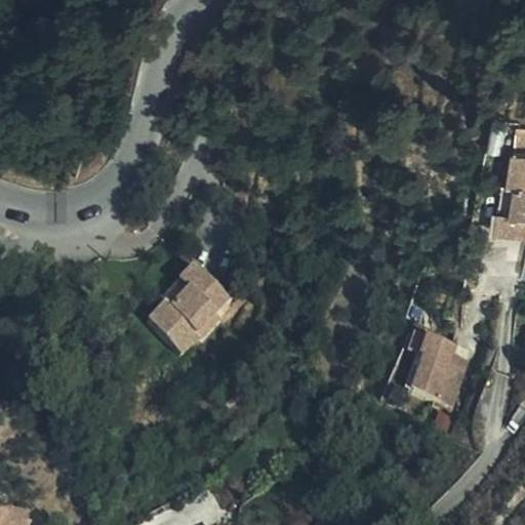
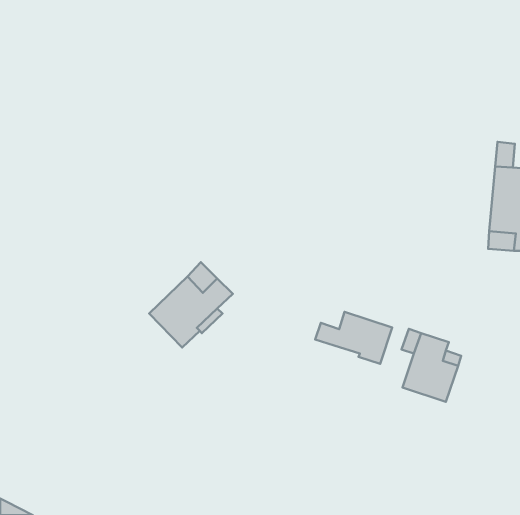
building: none -> [315,312,392,364]

